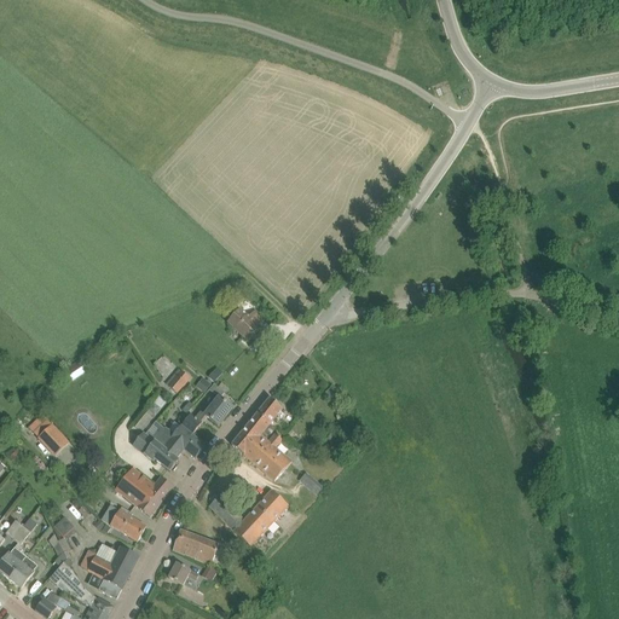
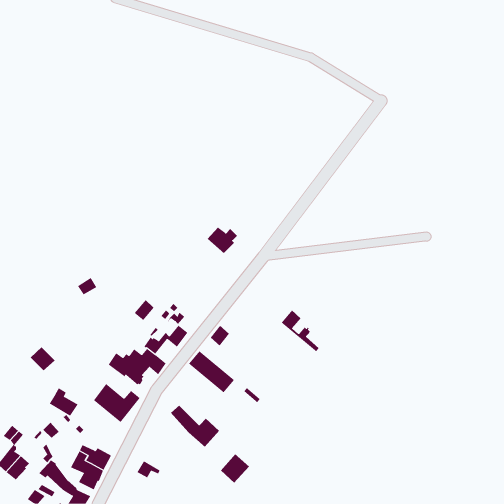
building: [225,307,262,340] -> [207,227,238,254]
building: [243,412,290,464] -> [281,310,319,352]
building: [251,490,288,526] -> [220,454,250,483]
building: [109,505,145,540] -> [49,388,78,416]
building: [170,530,216,561] -> none

